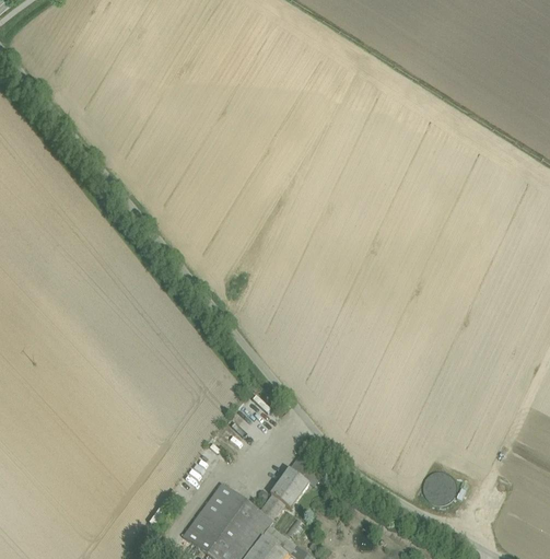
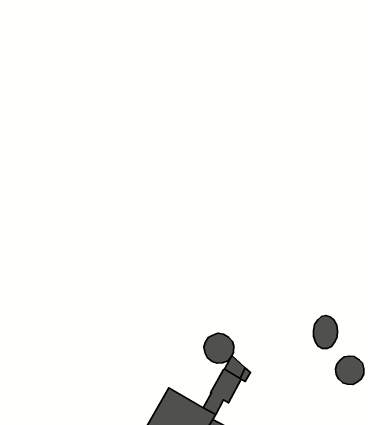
building: none -> [313,316,337,349]
building: none -> [204,333,234,363]

